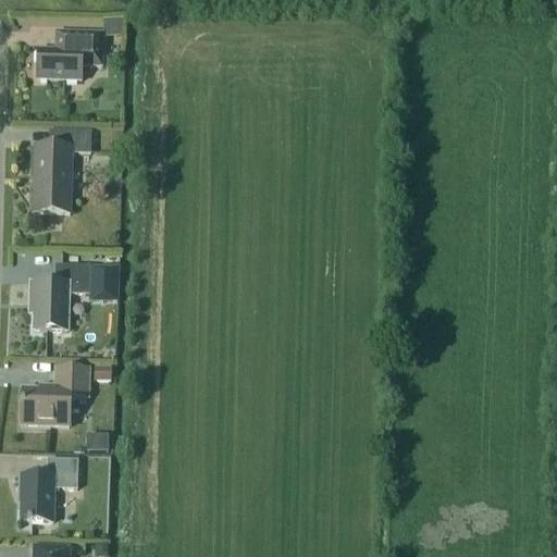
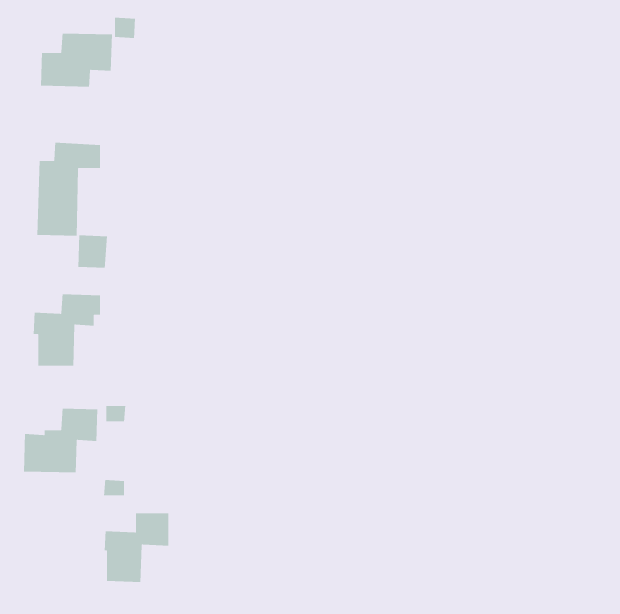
building: [90,263,117,294] -> [77,235,108,269]
building: [18,457,77,520] -> [104,512,169,583]

